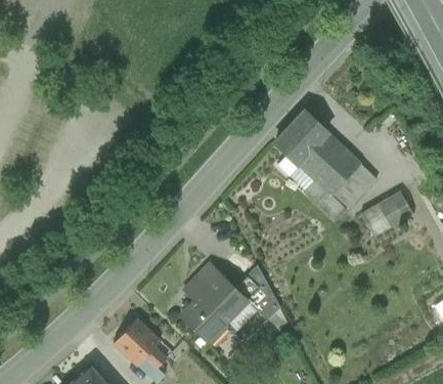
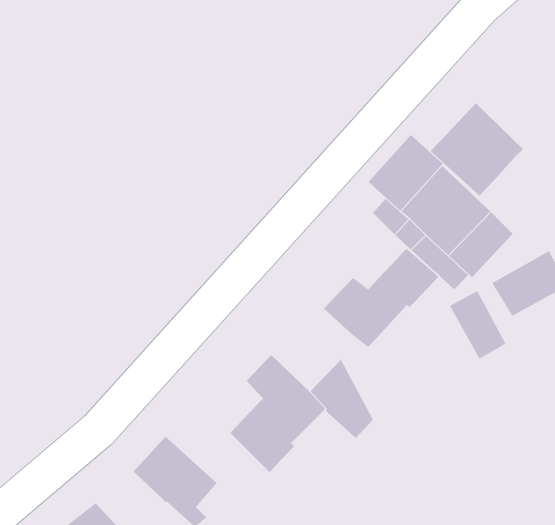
building: none -> [430,102,524,197]
building: none -> [323,248,439,348]
building: none -> [449,290,507,360]

